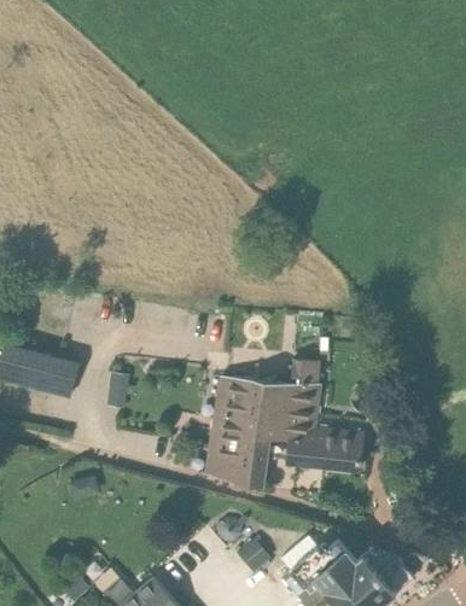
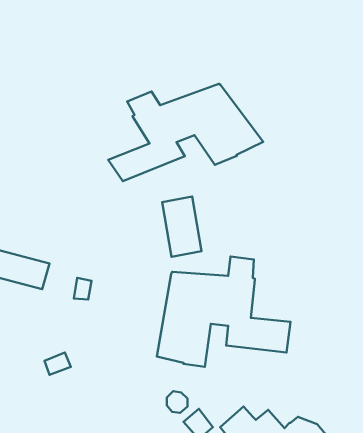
building: none -> [108,84,263,181]
building: none -> [162,196,202,257]

